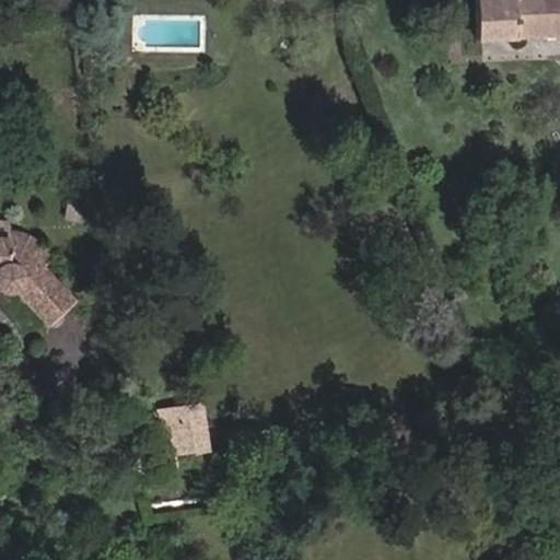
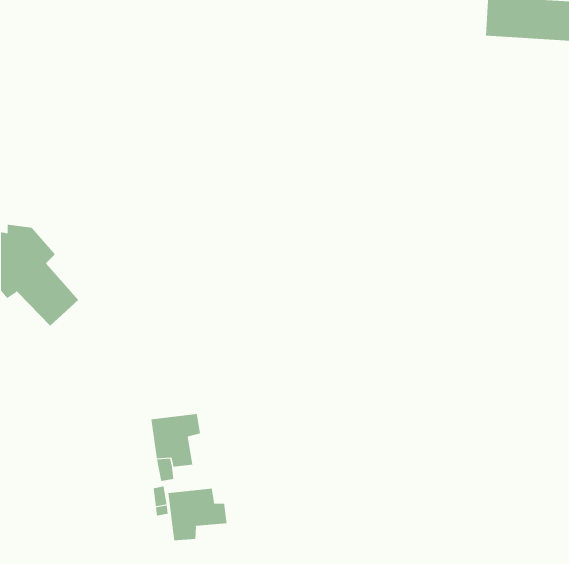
building: none -> [168,488,227,541]

